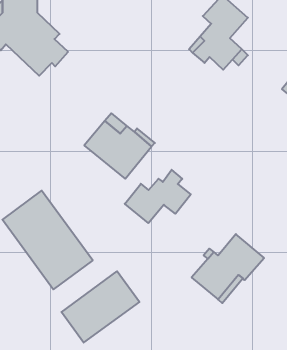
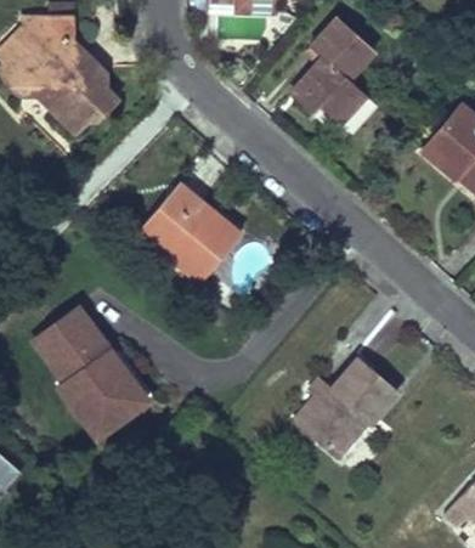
building: [125,170,191,223] -> none
building: [61,271,139,343] -> none

